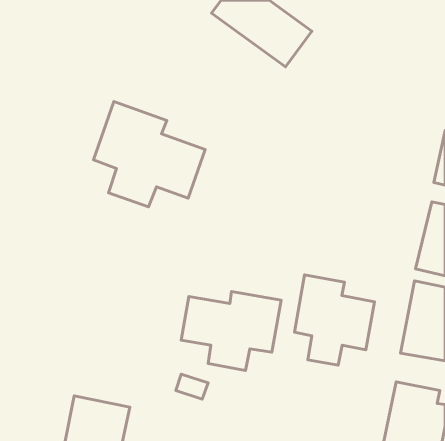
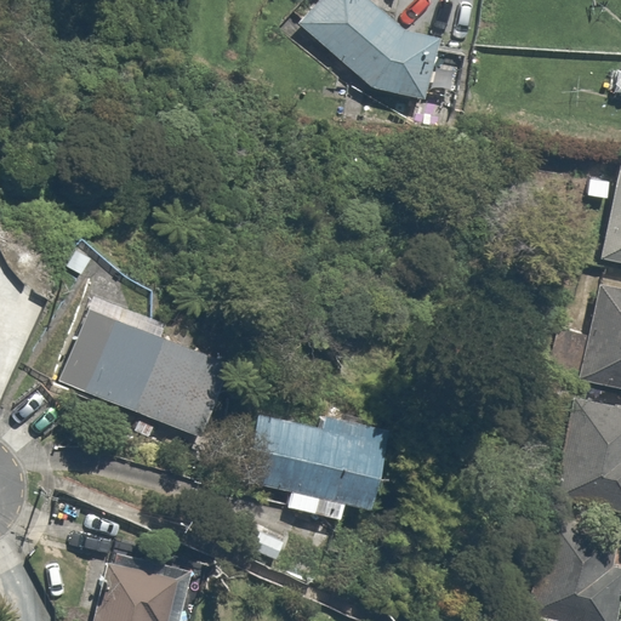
building: [93,102,205,207] -> none
building: none -> [61,296,244,440]
building: [294,275,375,365] -> none

